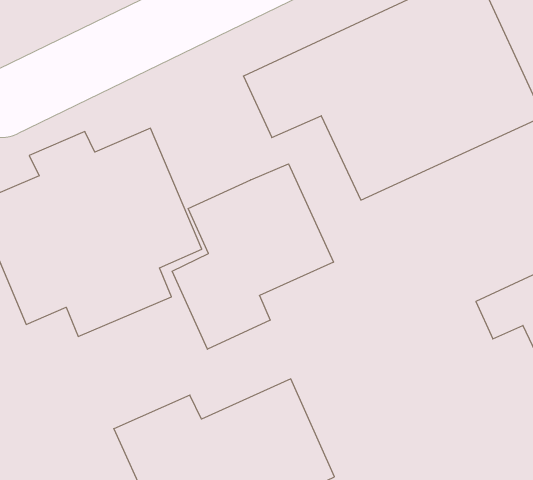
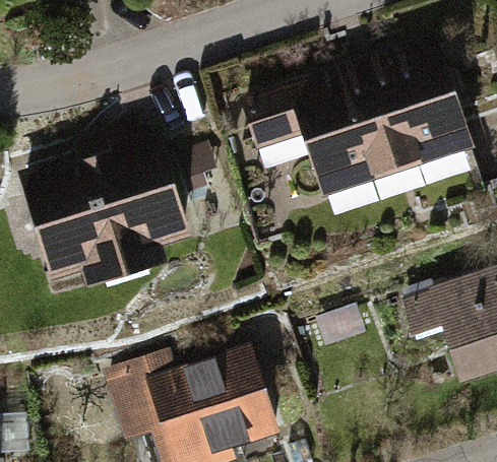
building: [172,164,333,349] -> none

